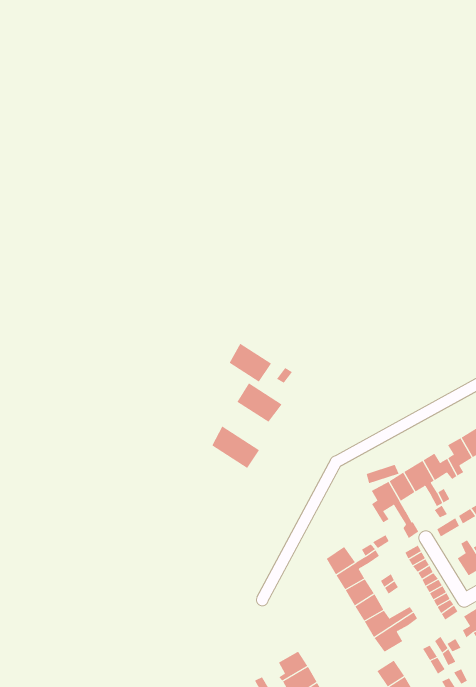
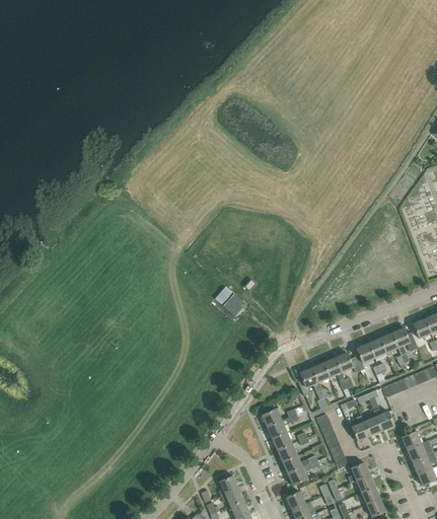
building: [229,343,272,383] -> none
building: [212,426,260,469] -> none

